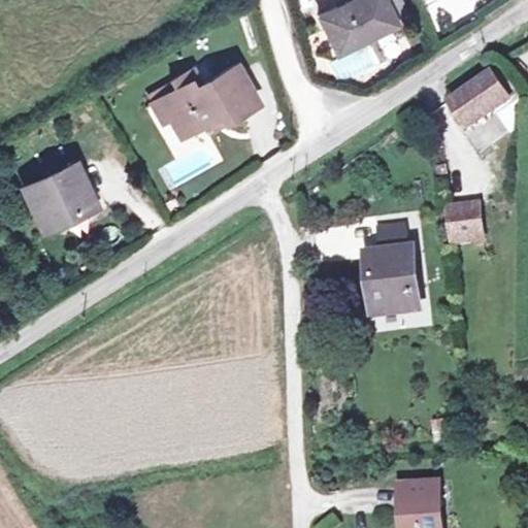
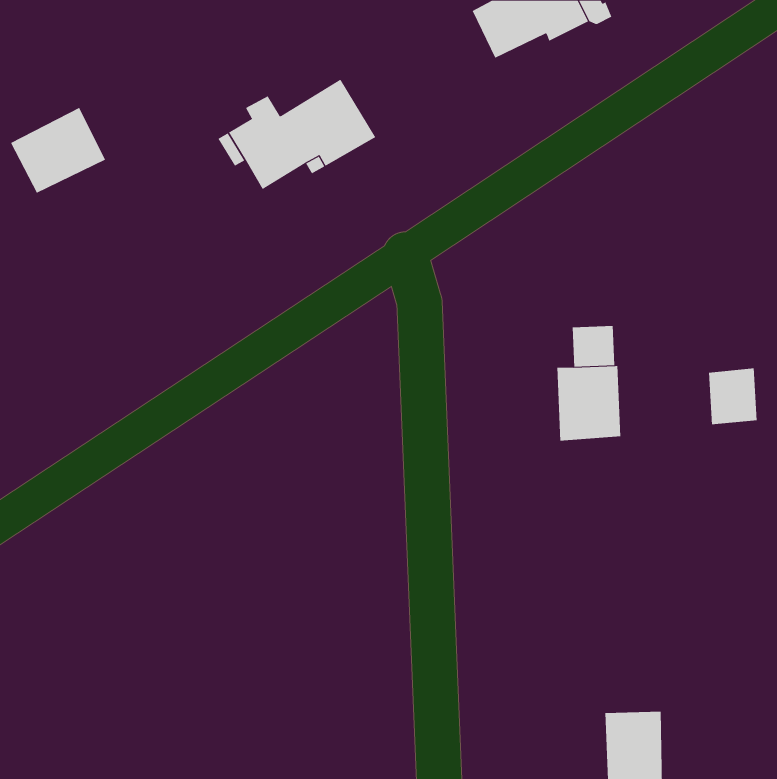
building: [448,72,508,132] -> none
building: [22,170,86,228] -> [10,107,106,194]
building: [450,204,483,242] -> [708,368,757,425]

